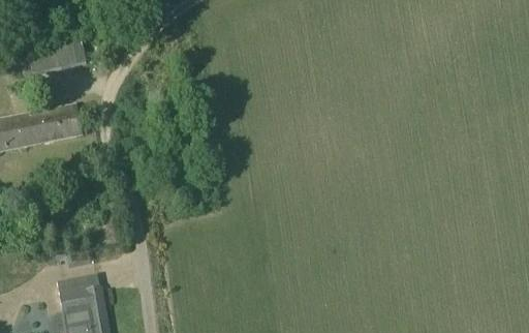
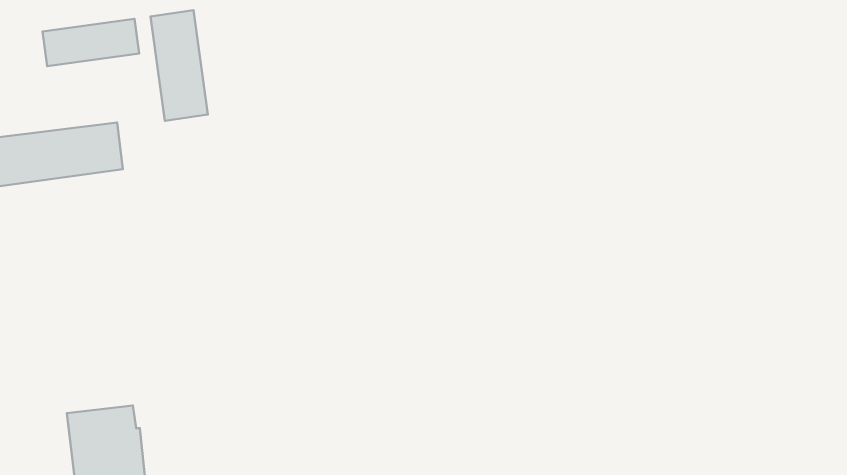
building: none -> [151,10,208,121]

